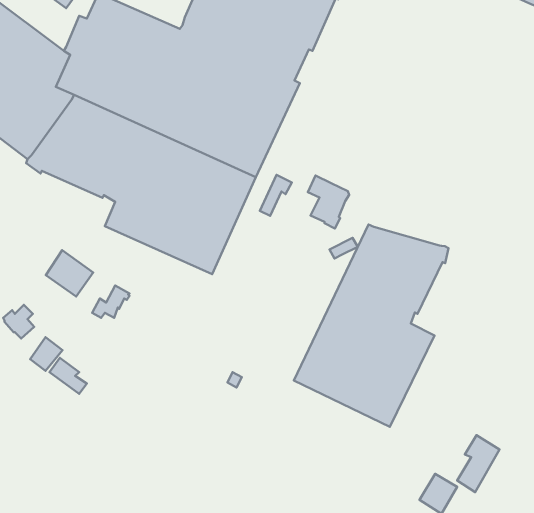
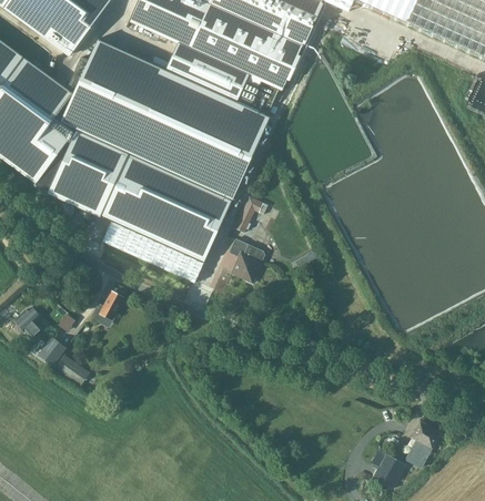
building: [308,176,349,228] -> [229,237,264,283]
building: [294,225,449,427] -> none
building: [46,250,93,296] -> none

